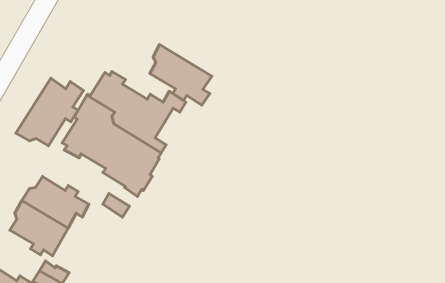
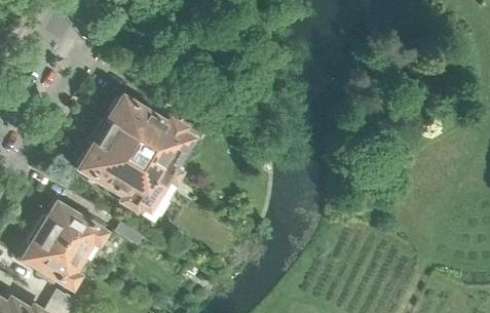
building: [150,45,212,105] -> none
building: [16,78,83,146] -> none

